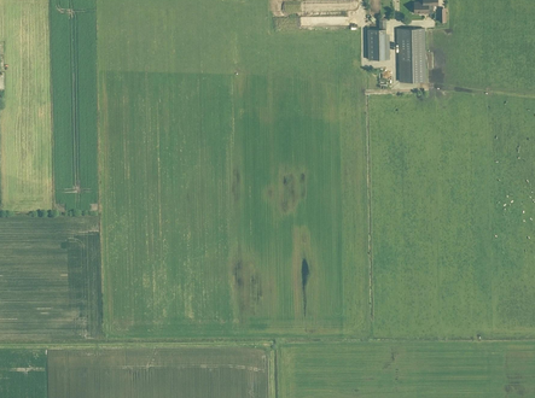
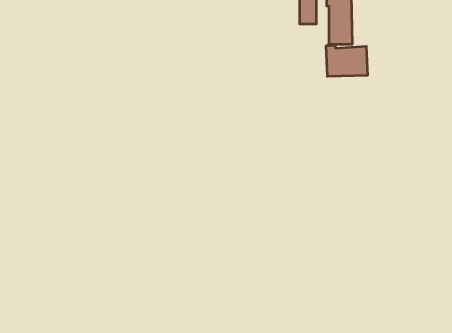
building: none -> [326,45,367,76]

